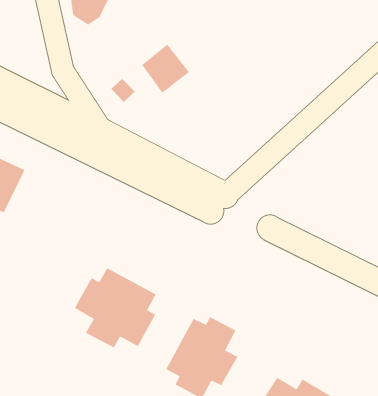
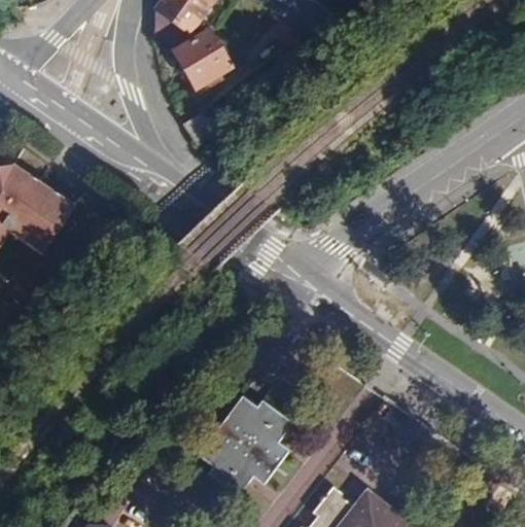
building: [141,43,190,94] -> [173,31,229,89]
building: [74,267,157,348] -> none

